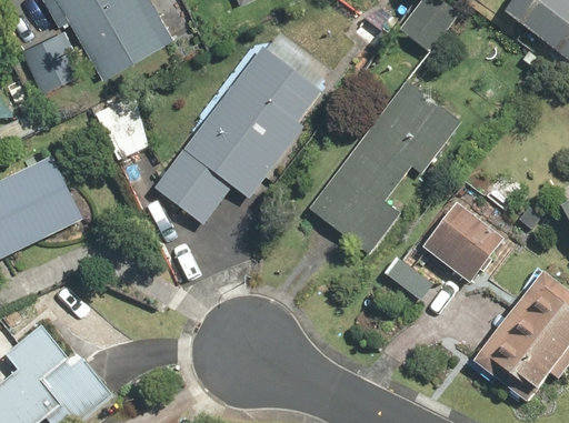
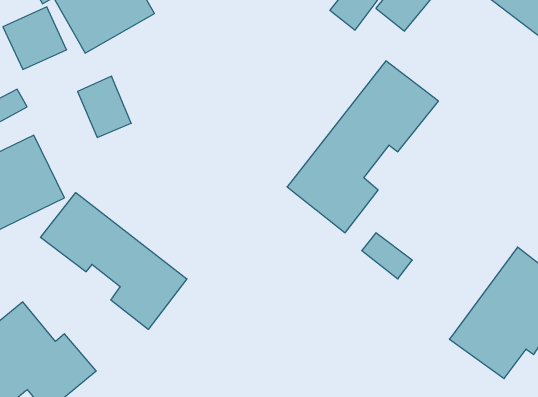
building: [153,46,321,224] -> none
building: [421,201,506,284] -> none
building: none -> [41,193,187,329]

